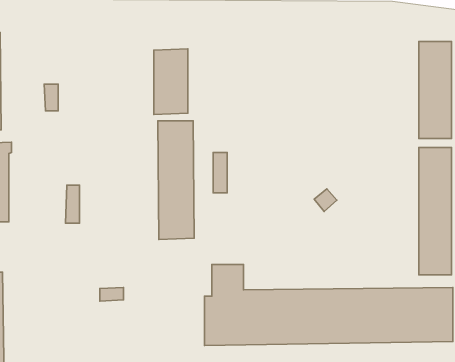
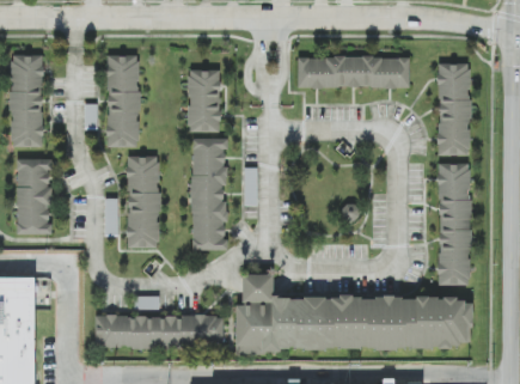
building: none -> [106,54,139,146]
building: none -> [296,55,410,89]
building: none -> [126,156,160,248]
building: none -> [94,315,224,347]

